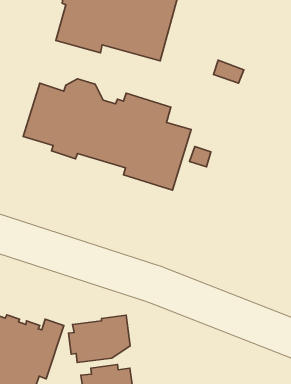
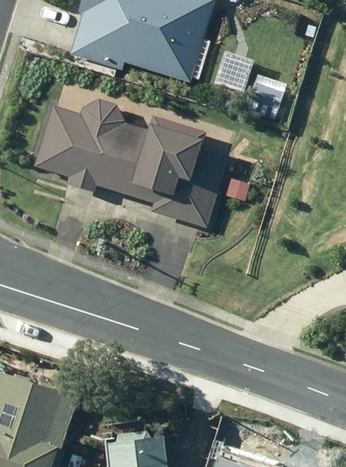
building: [68,315,130,363] -> none

